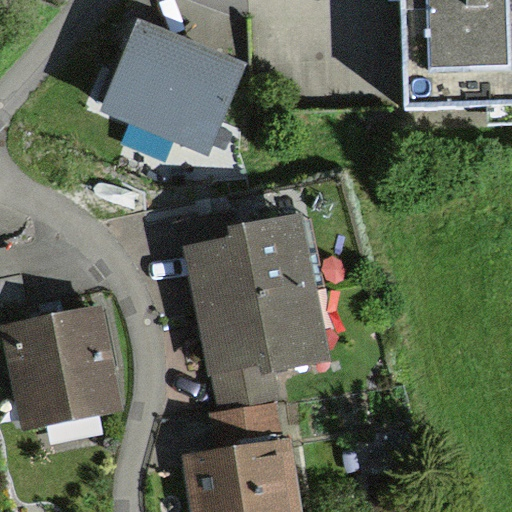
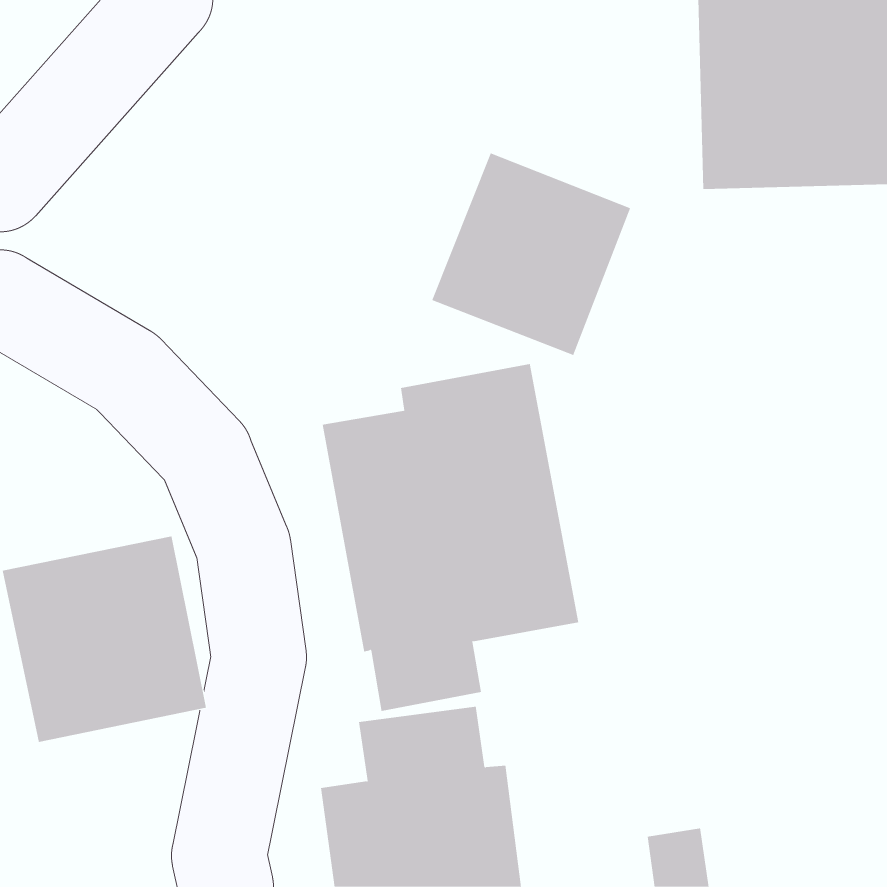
building: [101,20,243,157] -> none
building: none -> [432,153,631,356]

